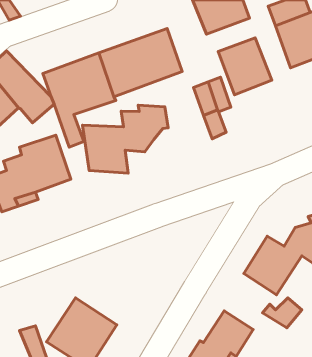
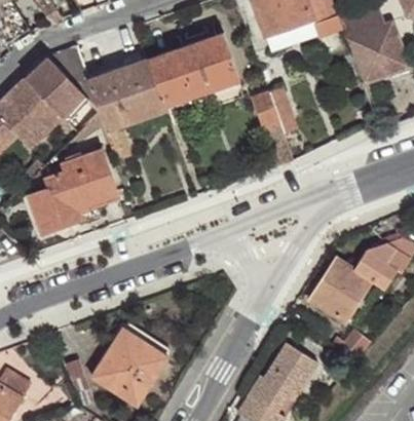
building: [218,38,272,95] -> none
building: none -> [46,46,96,107]
building: [82,105,168,173] -> none

